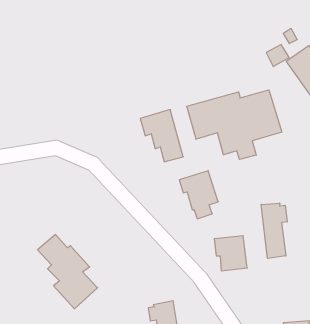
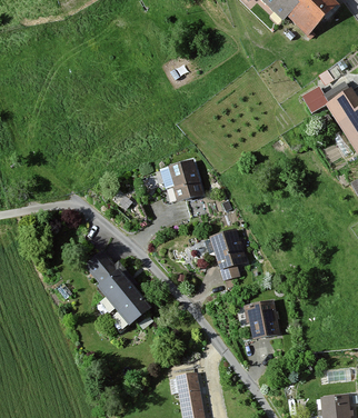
building: [187,90,282,159] -> none
building: [261,203,287,258] -> none
building: [38,235,98,309] -> [82,248,149,330]

